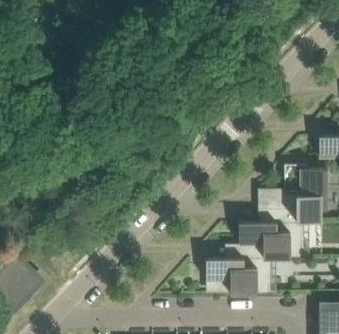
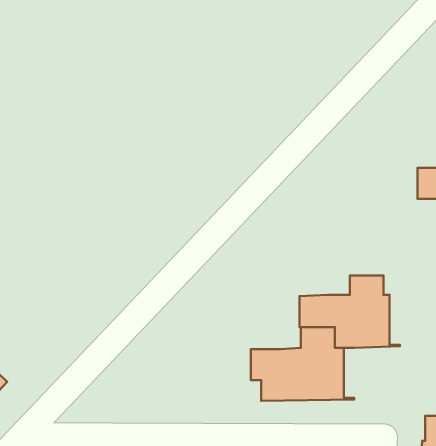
building: [273,162,327,220] -> none

